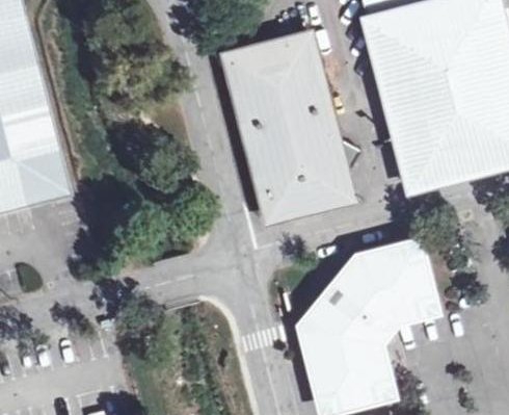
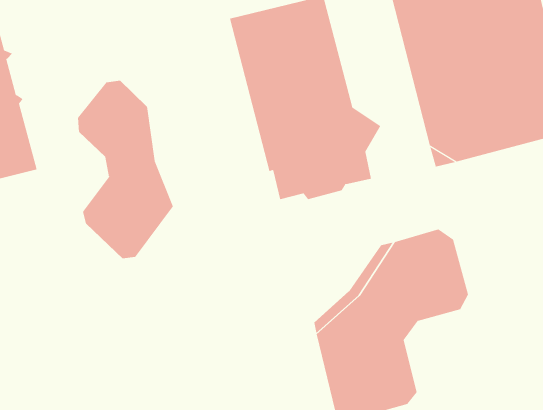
building: none -> [78,80,174,259]

